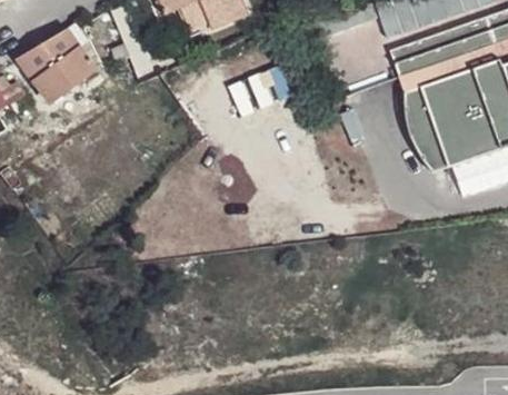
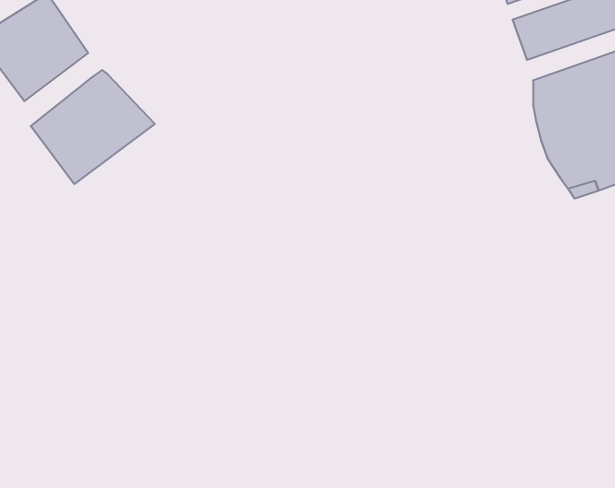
building: none -> [31,70,155,184]

